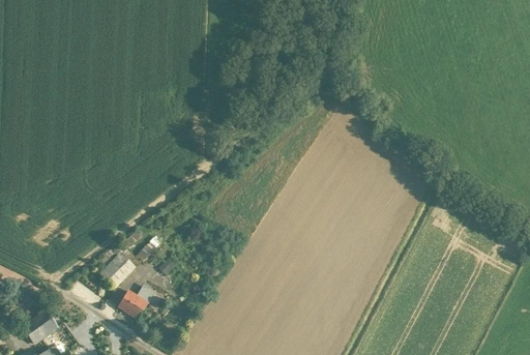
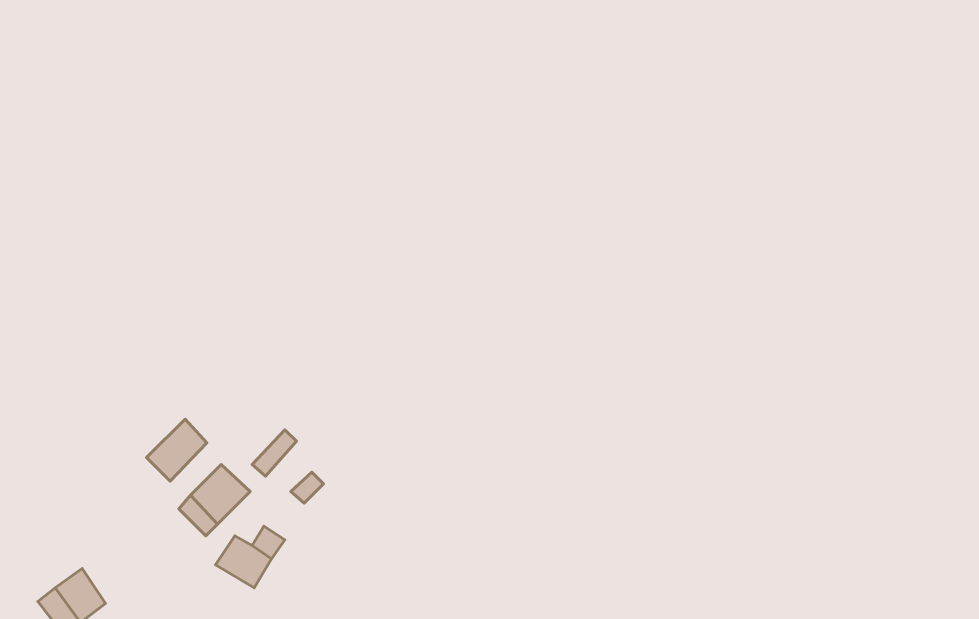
building: none -> [146,419,207,481]

